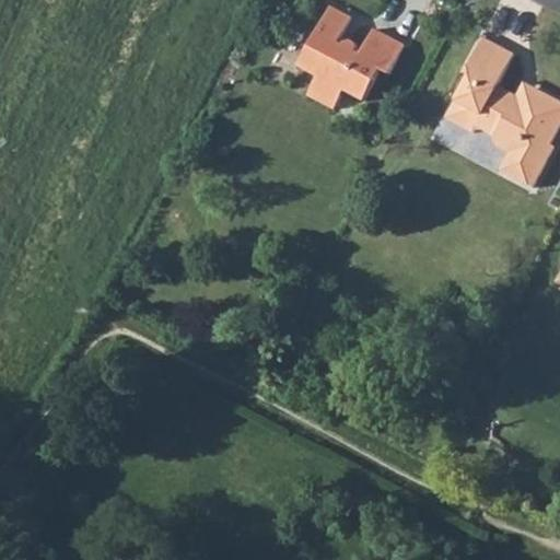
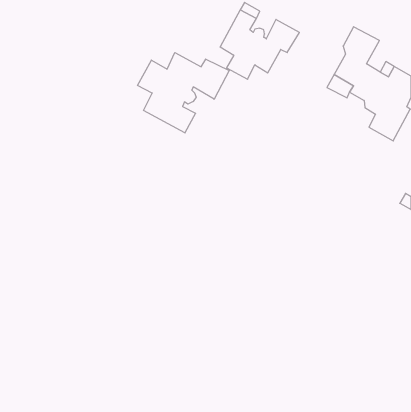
building: none -> [138,53,229,133]

